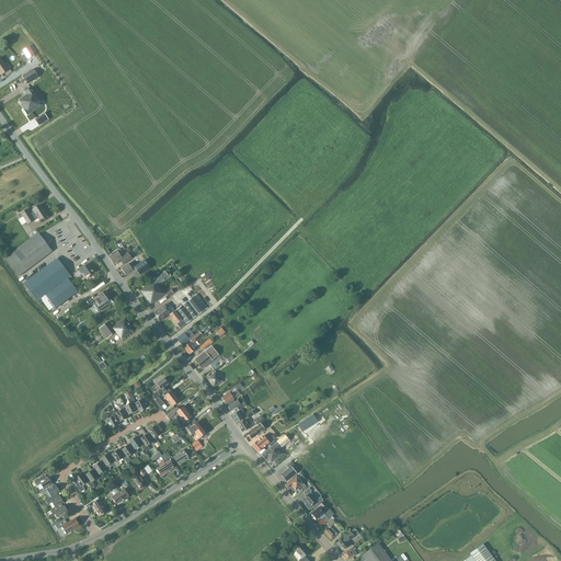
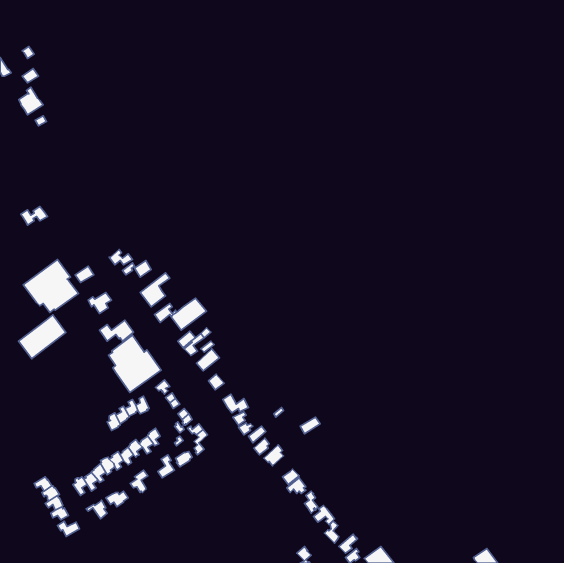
building: [4,232,51,276] -> [19,315,66,359]
building: none -> [108,335,161,393]

